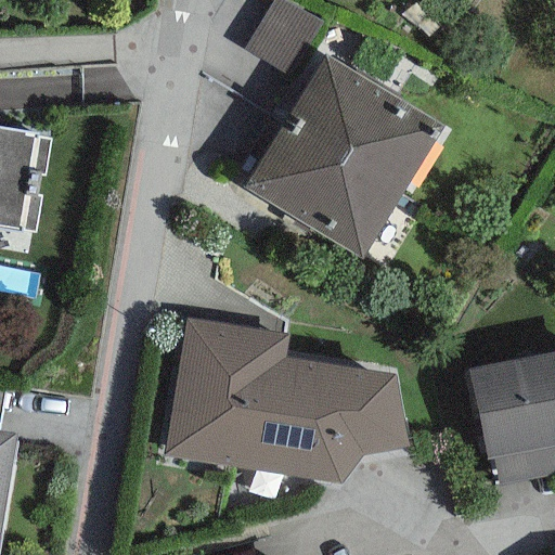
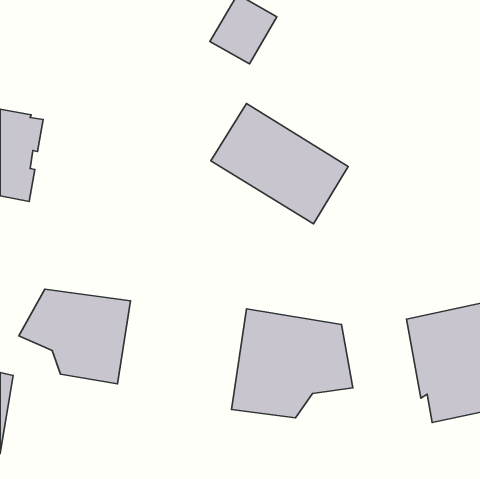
building: [285,54,443,192] -> none
building: [164,317,289,472] -> none
building: none -> [19,289,130,384]

